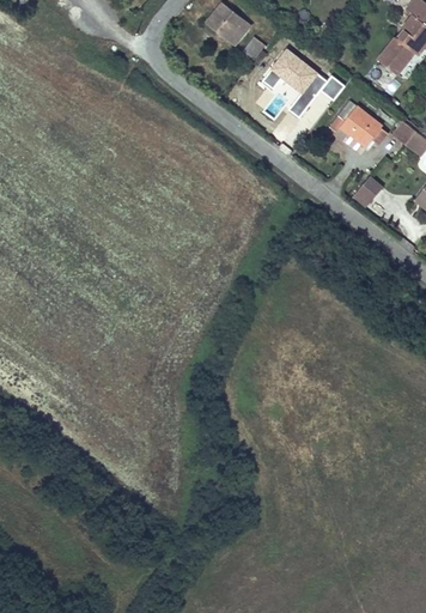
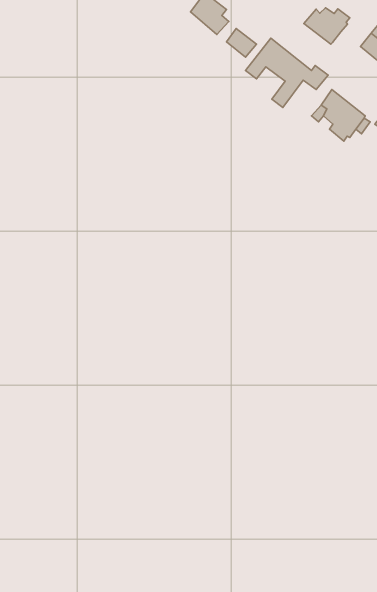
building: none -> [304,8,350,44]
building: [351,174,383,207] -> none

